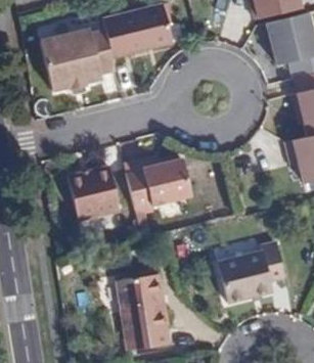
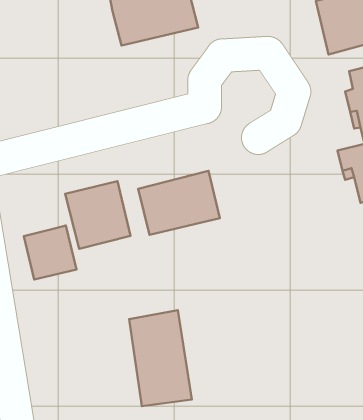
building: [41,28,116,90] -> none
building: none -> [24,225,77,279]
building: [216,241,282,300] -> none

